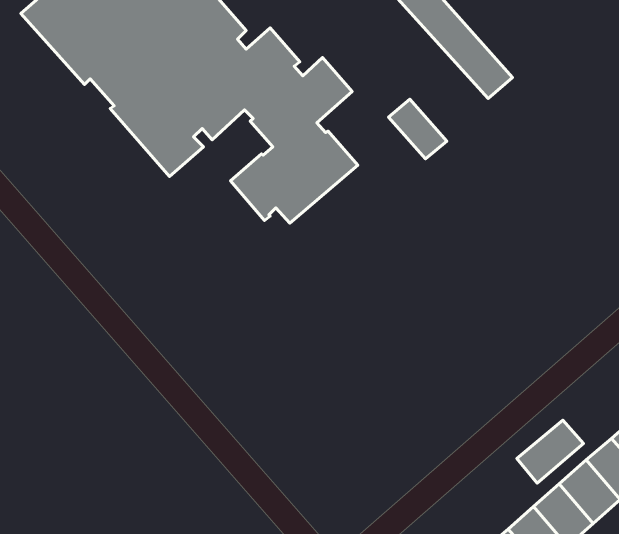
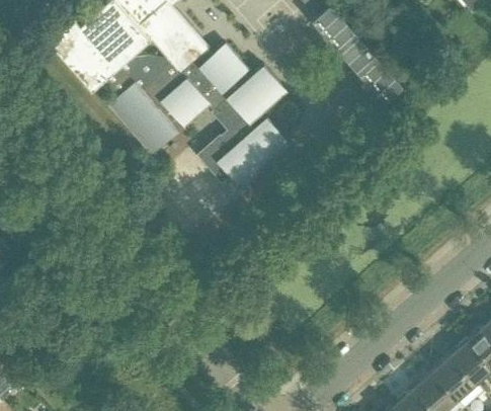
building: [389,99,447,159] -> none
building: [517,420,584,483] -> none

